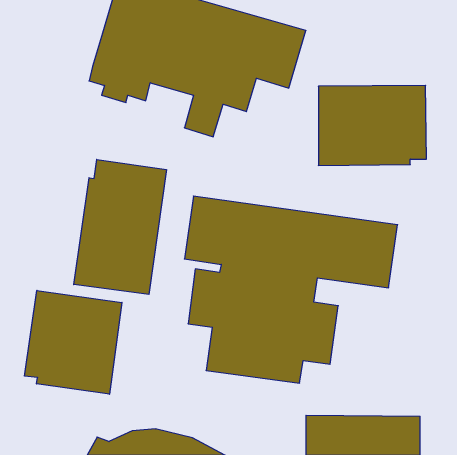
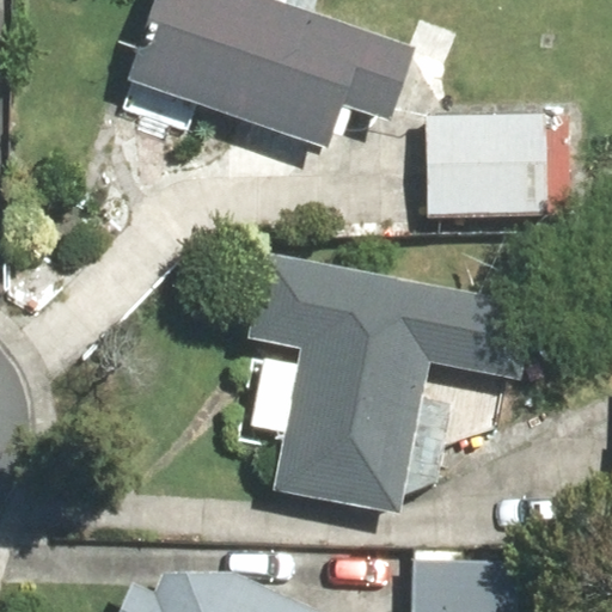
building: [74,159,166,294] -> none
building: [25,290,122,394] -> none

